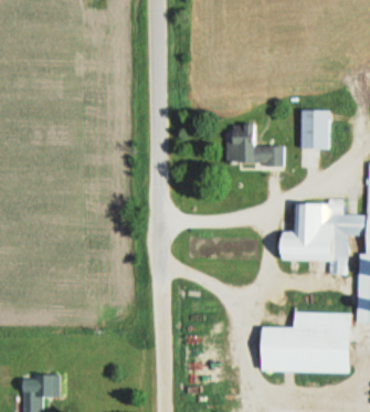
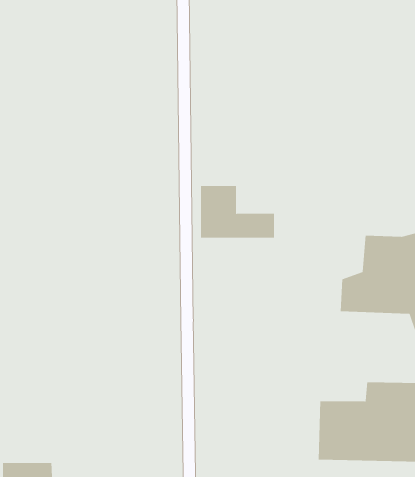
building: [300,108,328,148] -> none
building: [229,124,285,163] -> [200,185,275,238]

